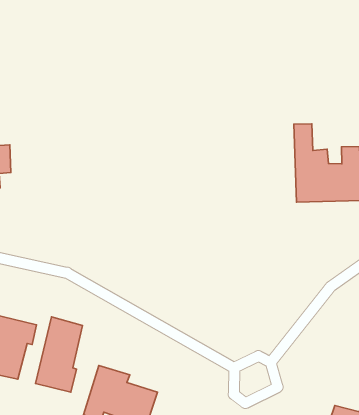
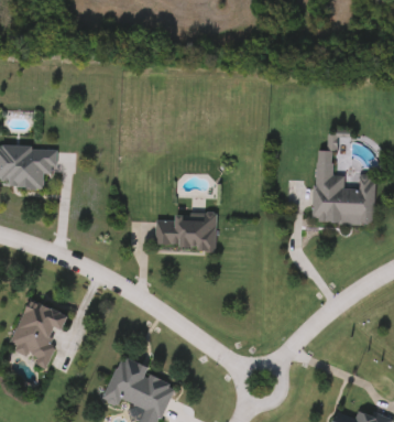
building: none -> [155,213,217,248]
building: [36,317,83,392] -> none

